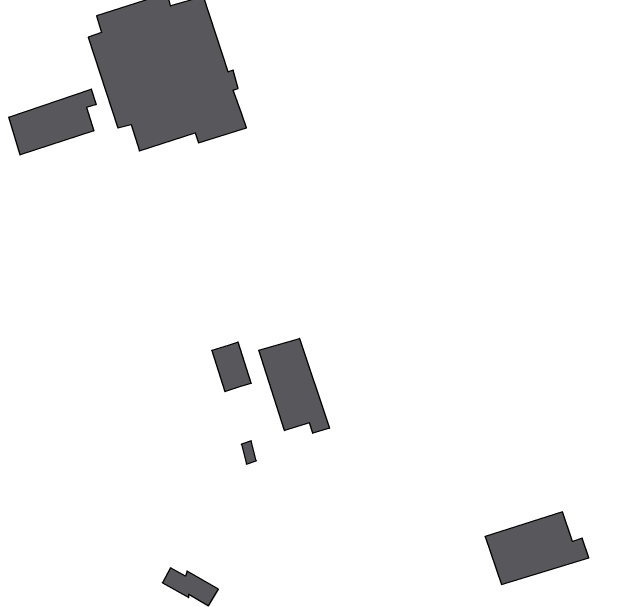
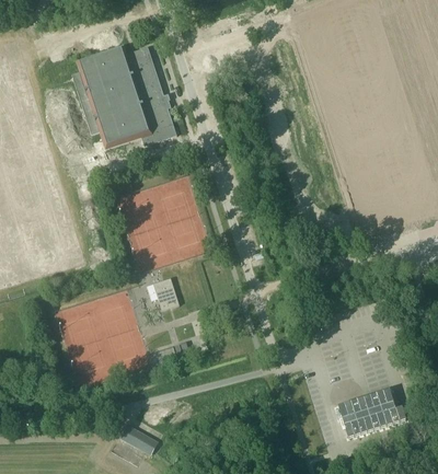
building: [9,89,96,155] -> none
building: [259,338,329,433] -> none

